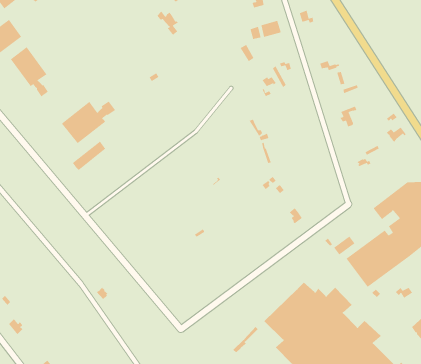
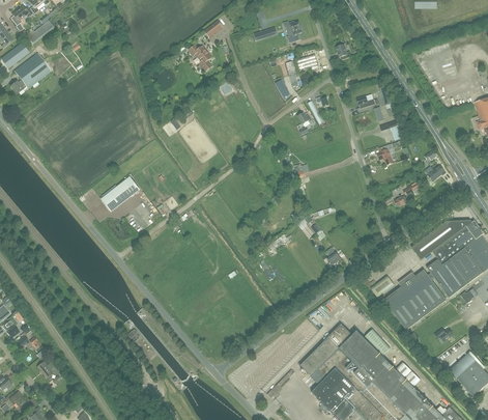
building: [10,46,49,98] -> none
building: [61,101,116,144] -> none

